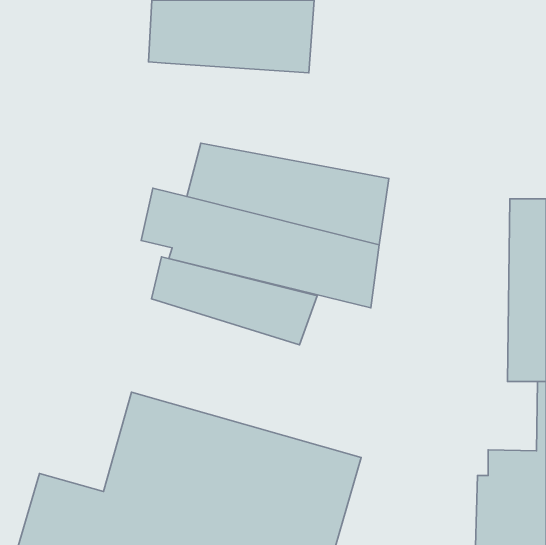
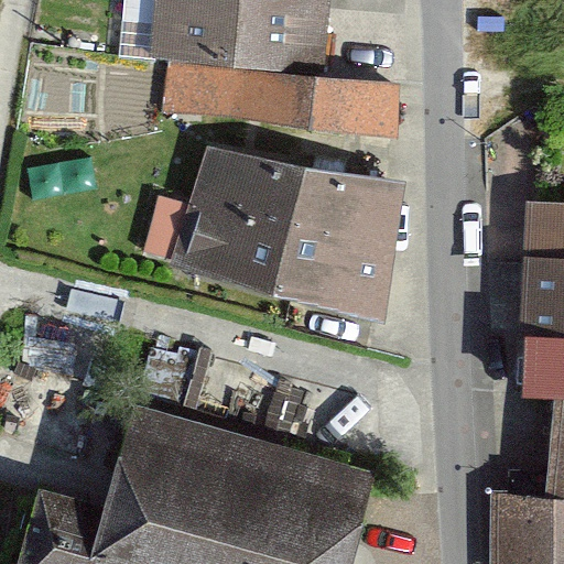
building: none -> [167,66,394,129]
building: [151,257,317,345] -> none

